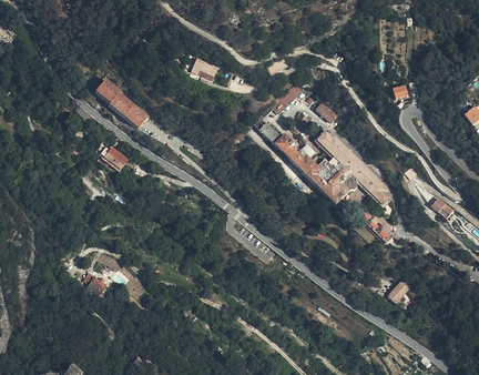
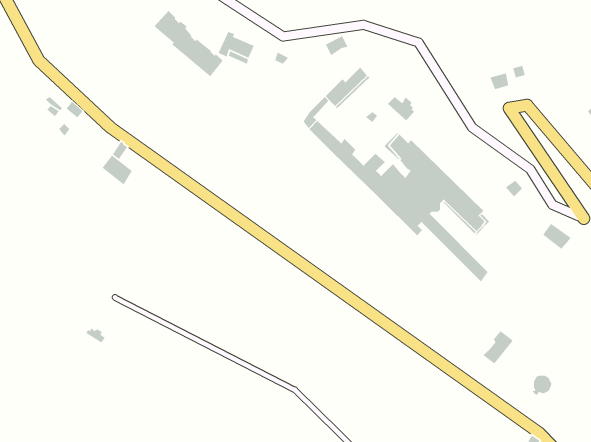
building: [94,80,146,130] -> [153,10,223,77]

